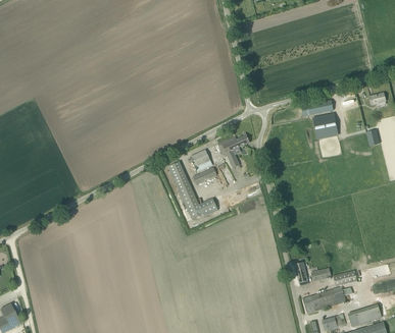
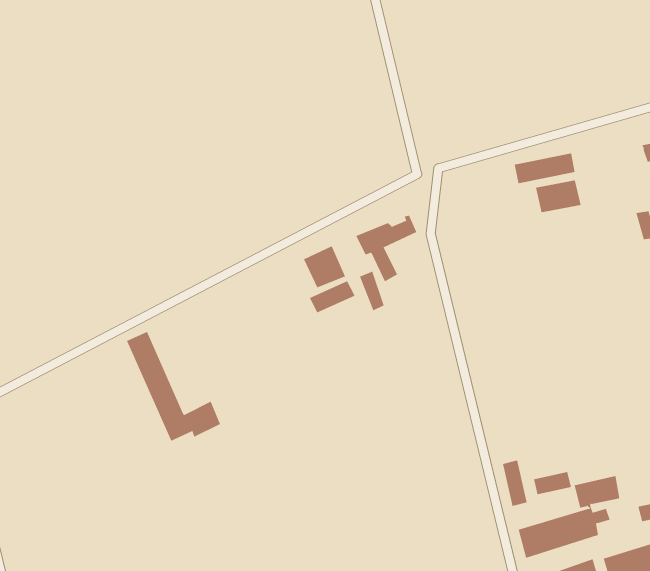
building: [167,161,217,219] -> [126,331,221,441]

